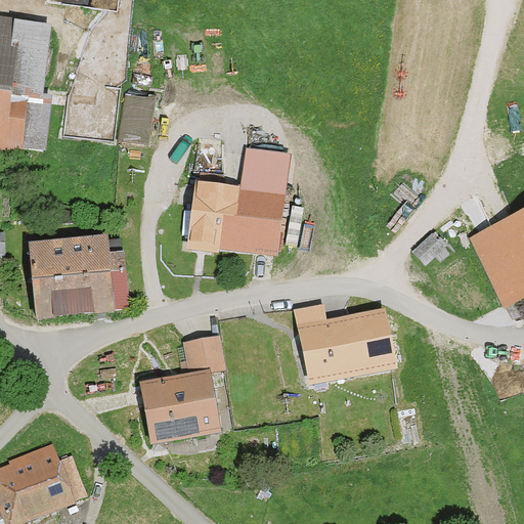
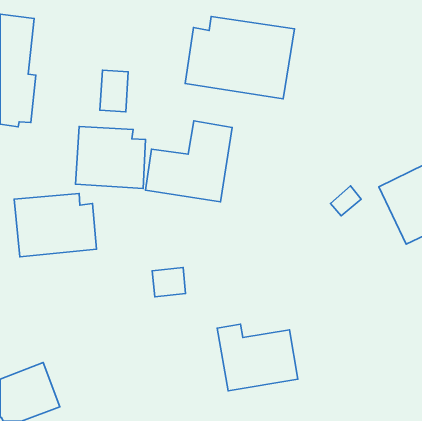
building: none -> [185,16,294,99]
building: none -> [76,126,146,189]
building: [295,302,394,384] -> [217,324,298,391]
building: [140,372,216,453] -> none

